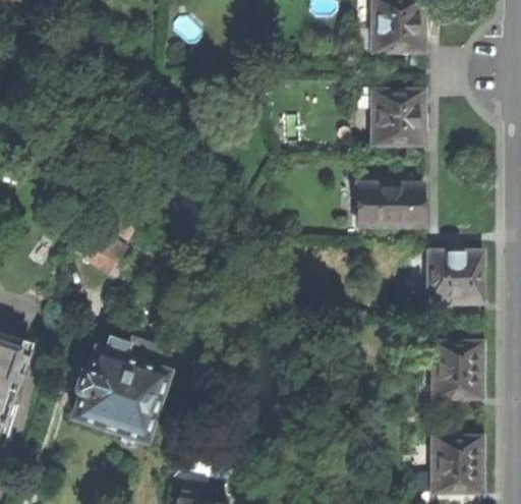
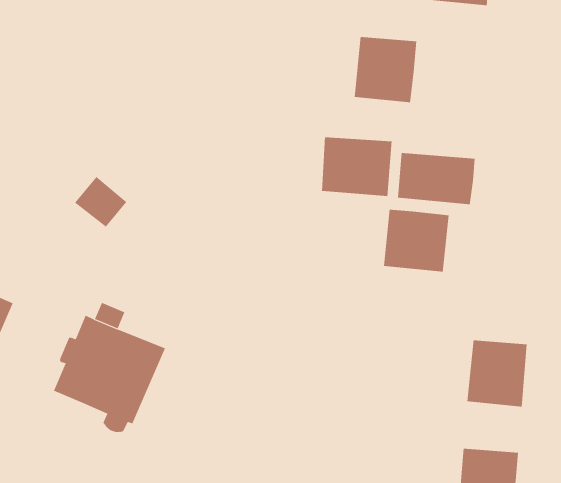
building: [372,91,423,145] -> [354,37,417,103]
building: none -> [321,136,392,197]
building: [428,251,482,302] -> [383,209,449,272]

